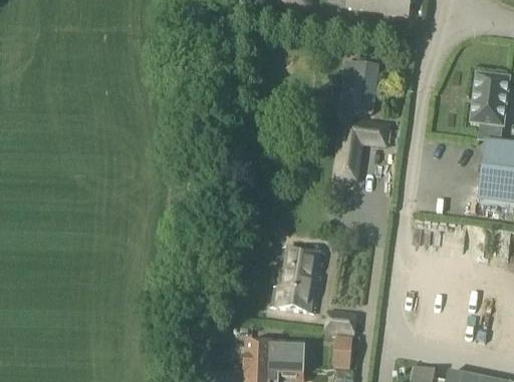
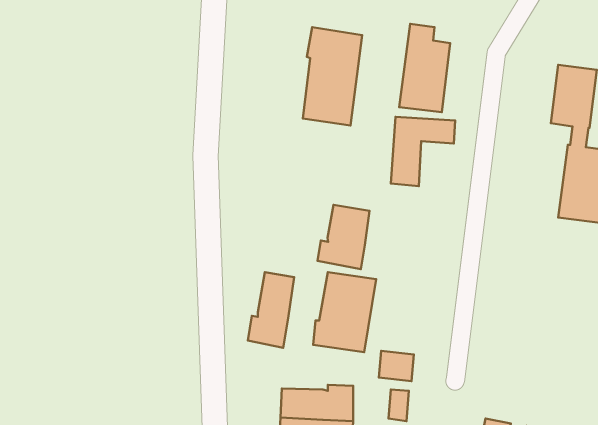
building: none -> [303,27,362,126]
building: none -> [318,205,370,269]
building: none -> [248,272,294,348]

